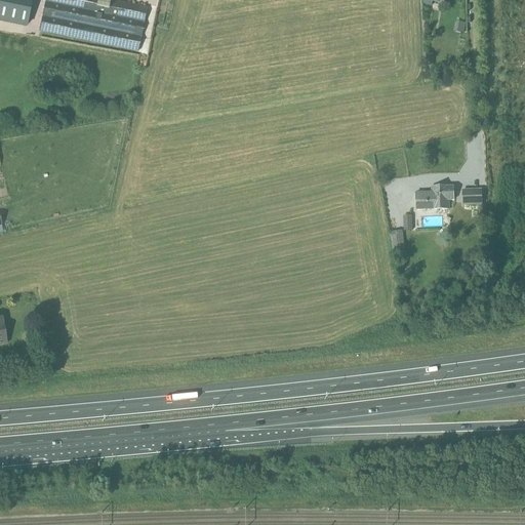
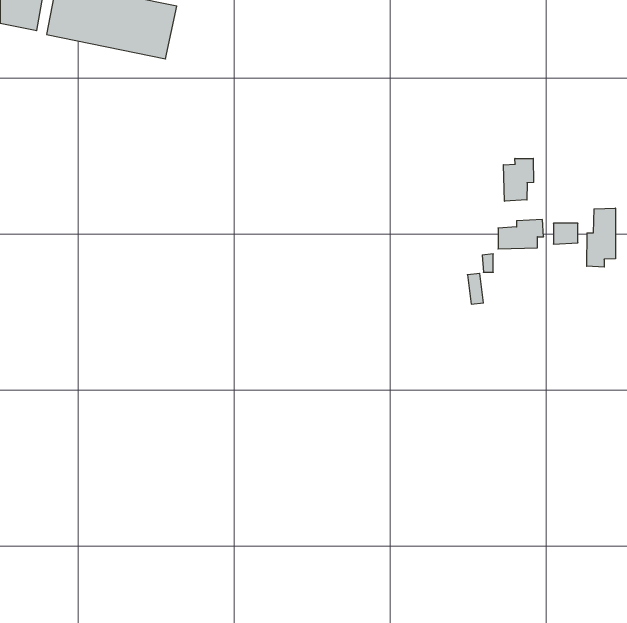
building: none -> [503,158,534,201]
building: none -> [587,208,615,267]

